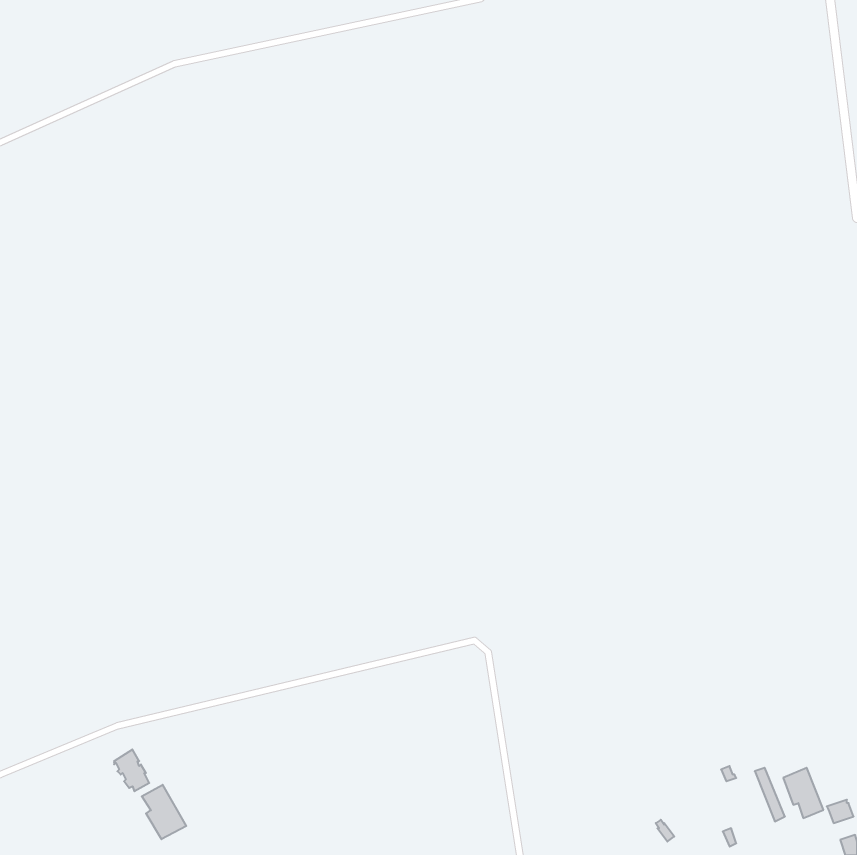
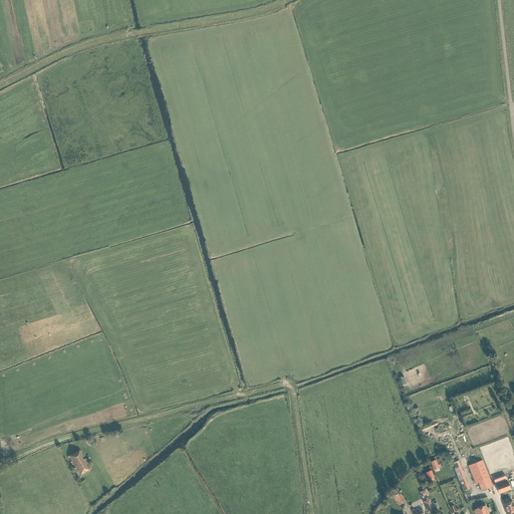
building: [142,785,186,839] -> none

